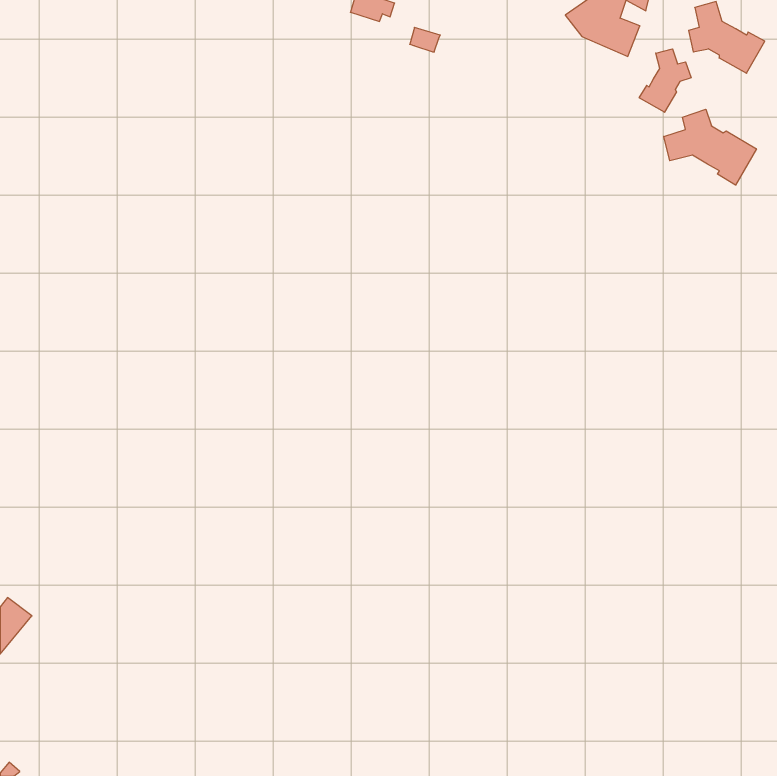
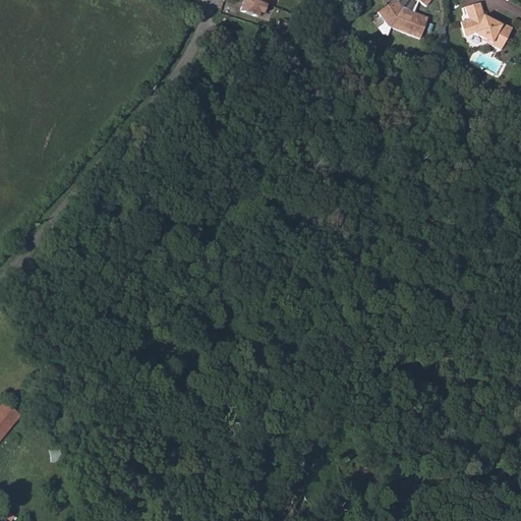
building: [639,49,691,112] -> none
building: [664,109,756,185] -> none

